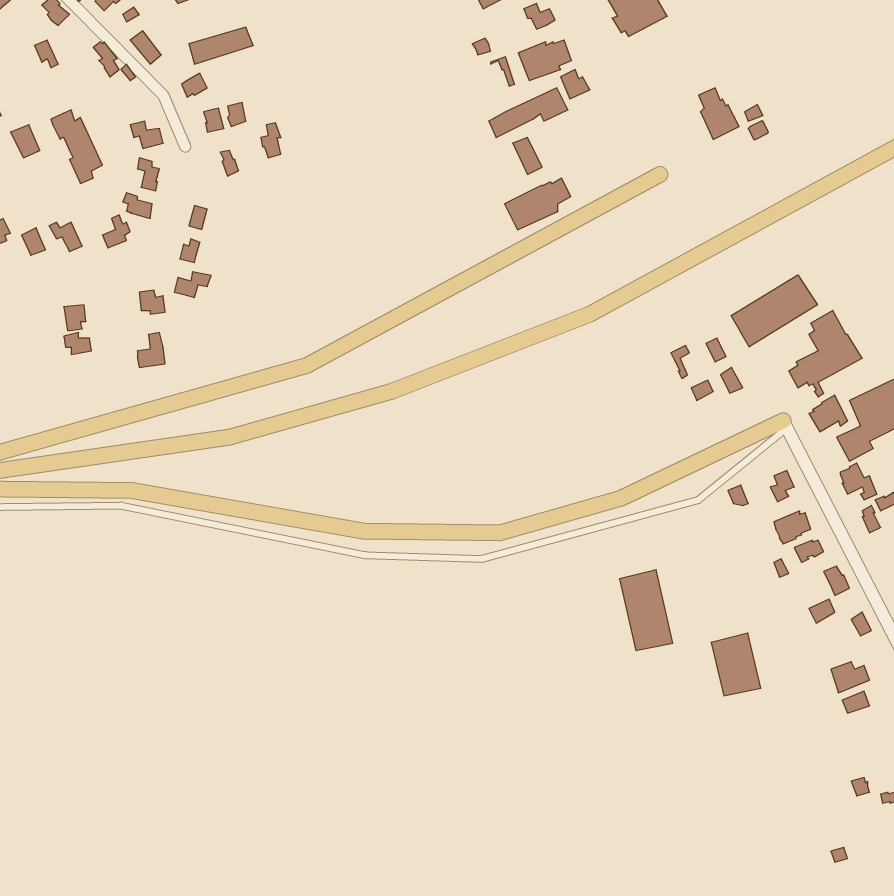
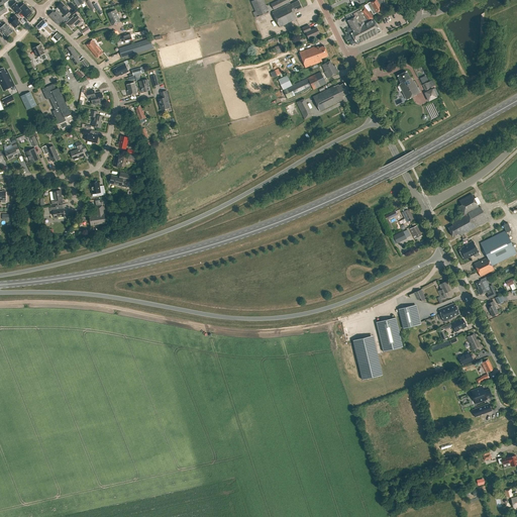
building: [504,178,571,230] -> [313,82,349,110]
building: [731,275,817,347] -> none
building: none -> [399,304,421,327]
building: [711,633,761,696] -> [376,316,403,350]

